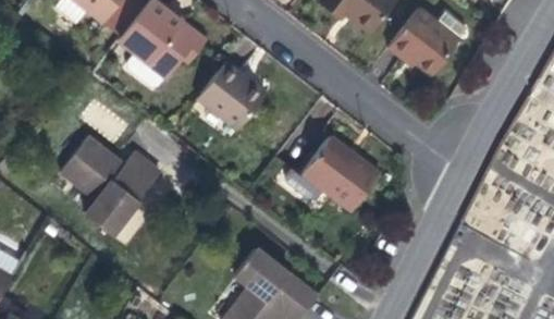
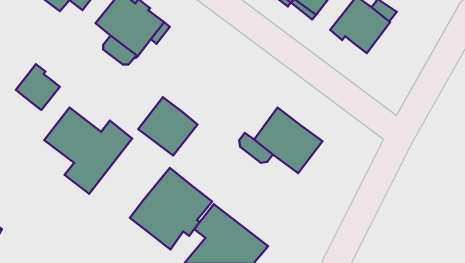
building: [196,61,264,128] -> [138,97,197,155]
building: none -> [16,64,60,110]
building: none -> [130,168,212,249]

